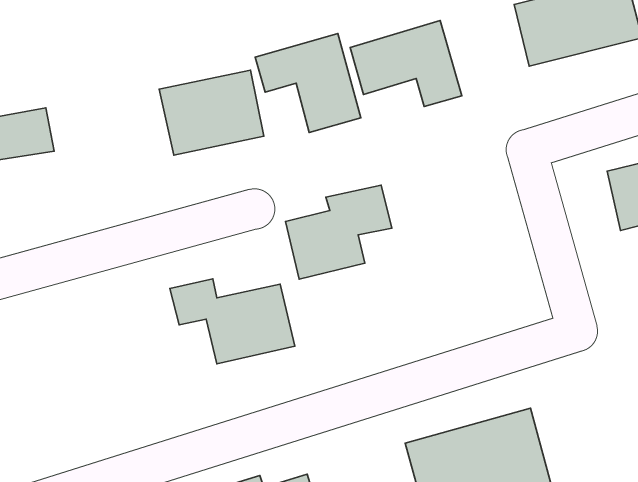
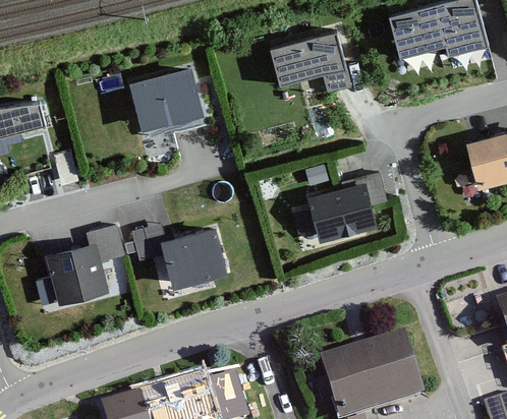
building: [255,33,361,133] -> none
building: [286,185,392,279] -> [309,170,390,241]
building: none -> [44,223,127,301]

